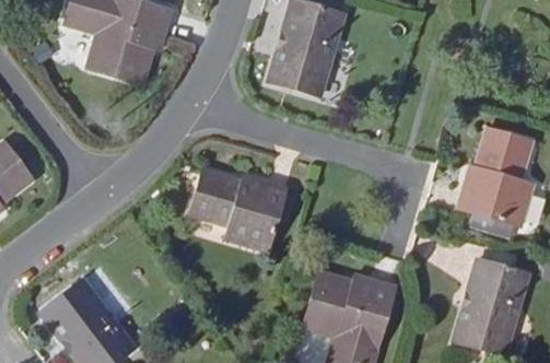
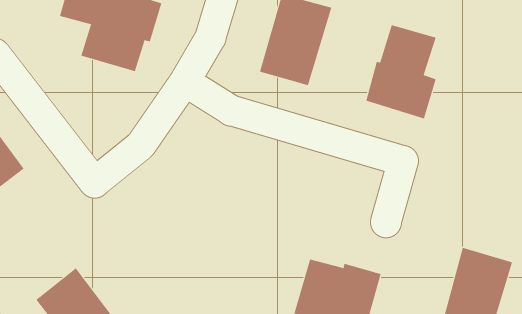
building: [459,129,531,225] -> [365,24,436,119]
building: [190,171,284,250] -> none

